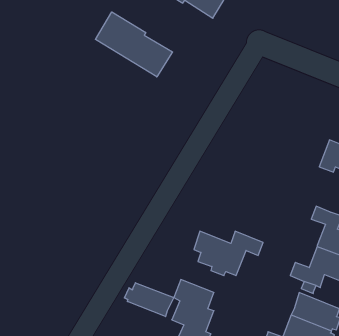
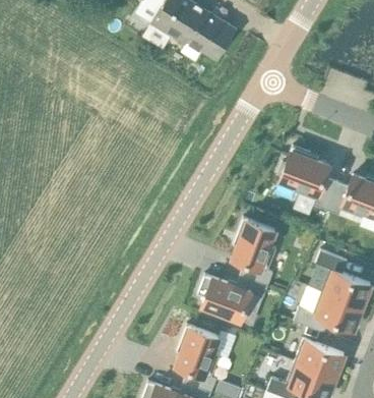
building: [95,12,173,77] -> none
building: none -> [278,147,335,210]
building: none -> [233,217,275,284]
building: [124,283,174,317] -> none

